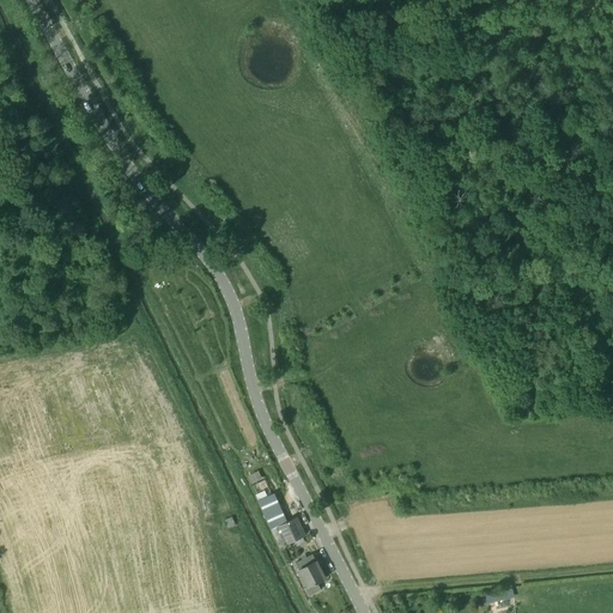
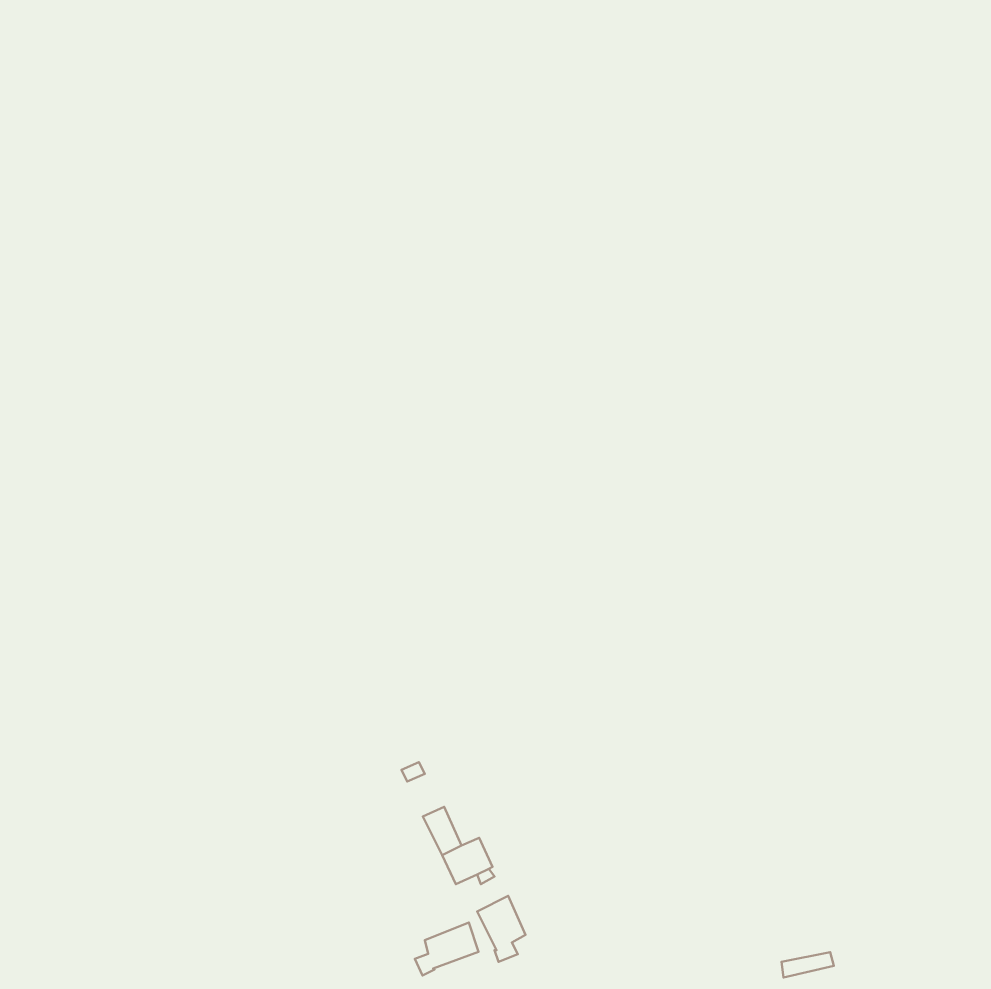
building: none -> [415,923,479,976]

